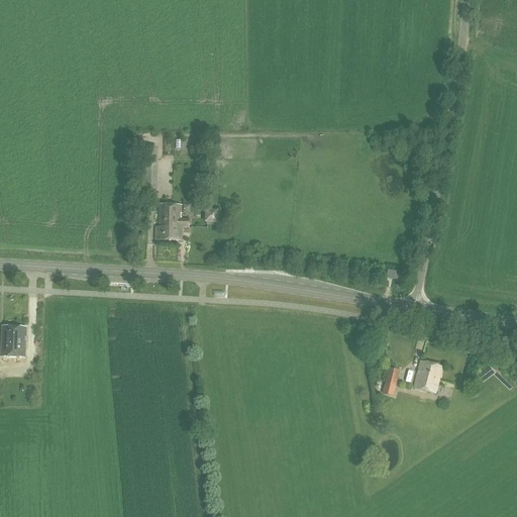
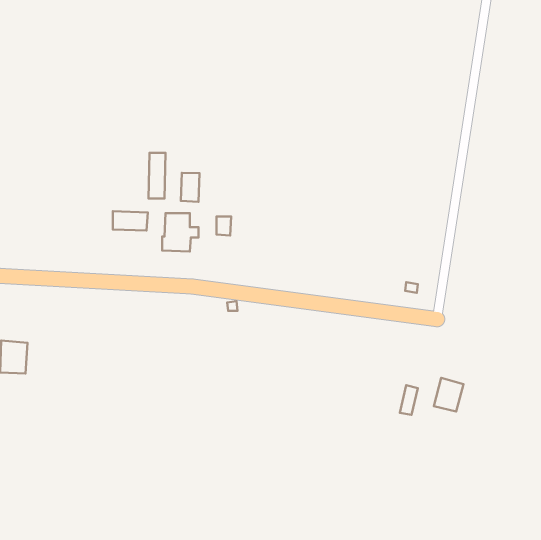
building: none -> [181,173,200,202]
building: none -> [113,211,148,230]

